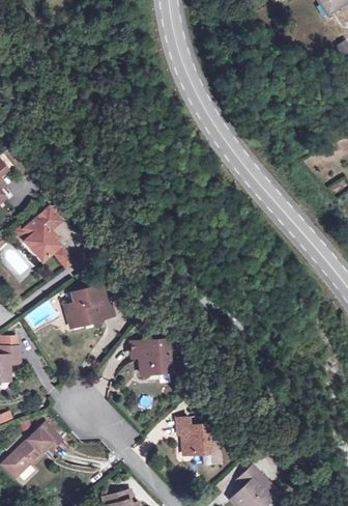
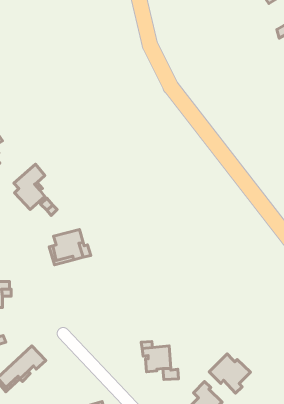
building: [133,339,174,374] -> none
building: none -> [209,354,250,393]

